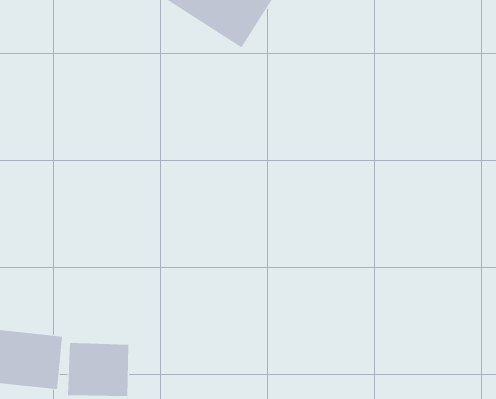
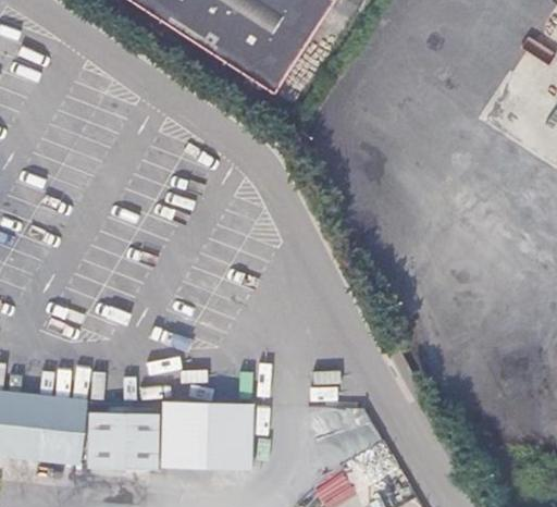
building: none -> [158,397,249,463]

